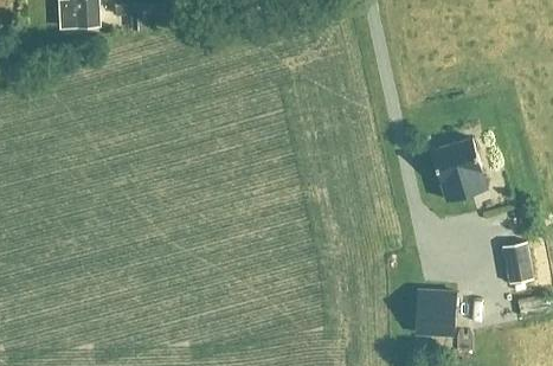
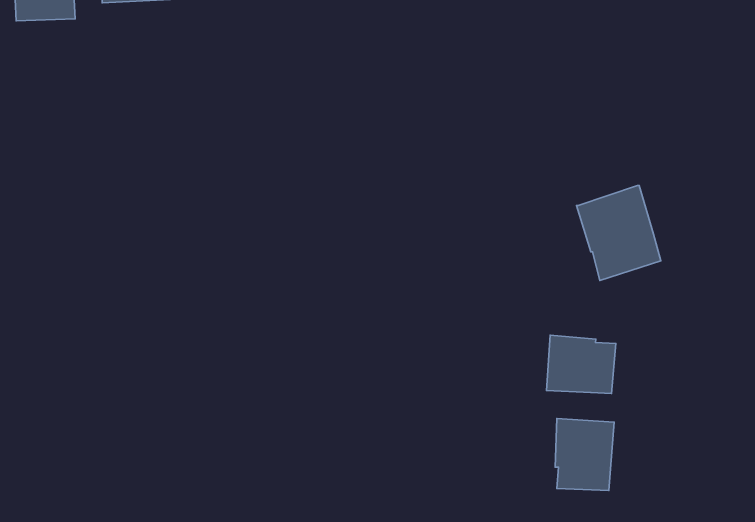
building: none -> [547,335,616,393]
building: [502,242,534,283] -> none

